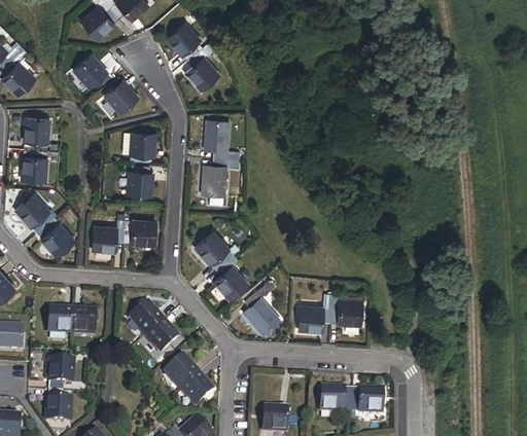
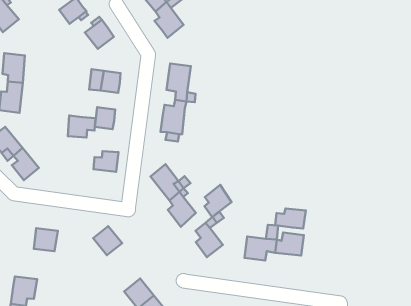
building: [100,226,129,249] -> [68,115,95,137]
building: none -> [205,185,232,217]
building: none -> [275,209,306,228]
building: [48,307,71,332] -> none
building: [150,319,179,349] -> none

